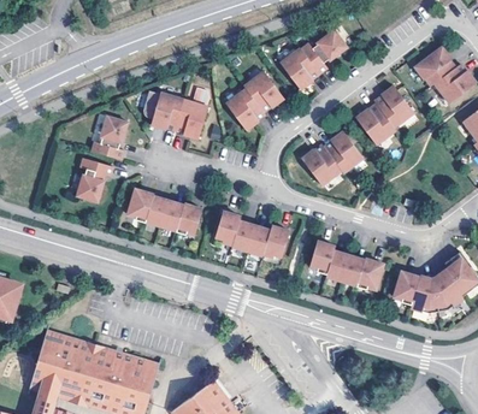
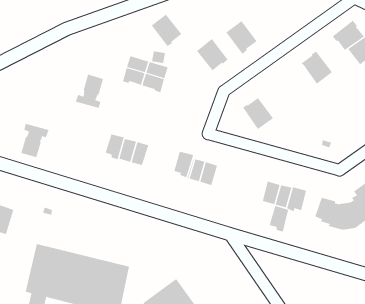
building: [303,32,349,76] -> none
building: [229,90,267,131] -> [151,14,182,47]
building: [358,106,399,147] -> none
building: [325,132,365,175] -> none
building: [81,159,117,202] -> [20,123,49,158]
building: [179,205,206,236] -> none
building: [266,226,293,258] -> none
building: [311,241,336,274] -> [269,205,289,232]

